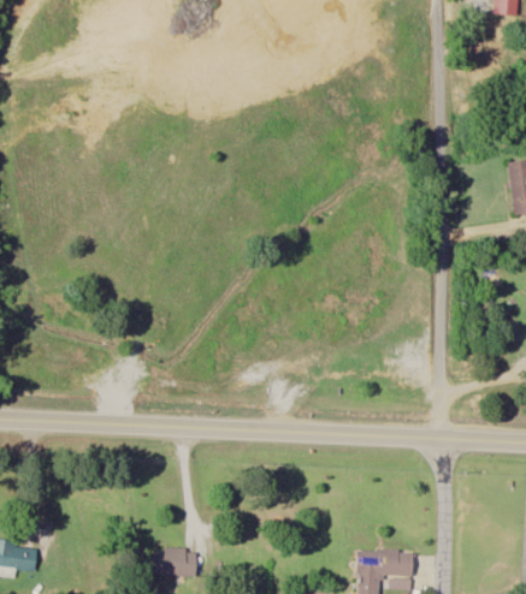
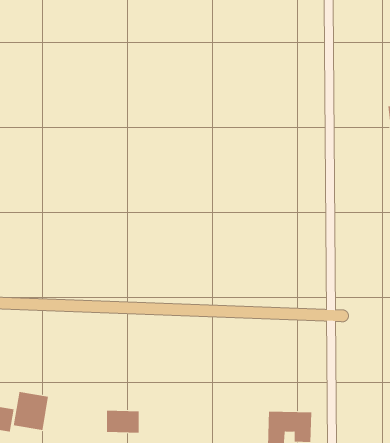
building: none -> [13,391,49,431]

